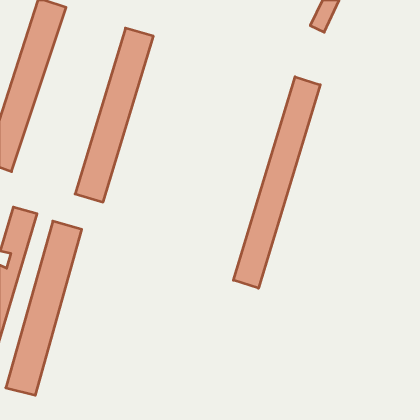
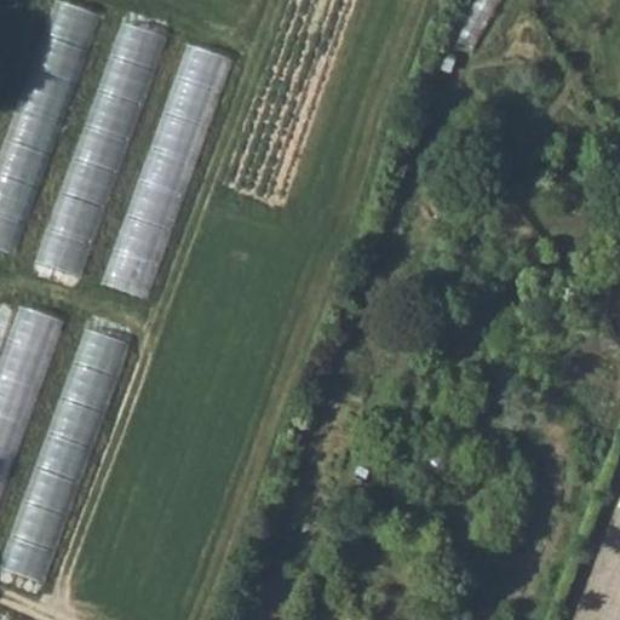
building: none -> [40,21,162,277]
building: [233,77,320,288] -> none

